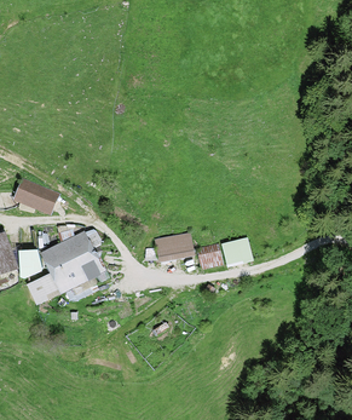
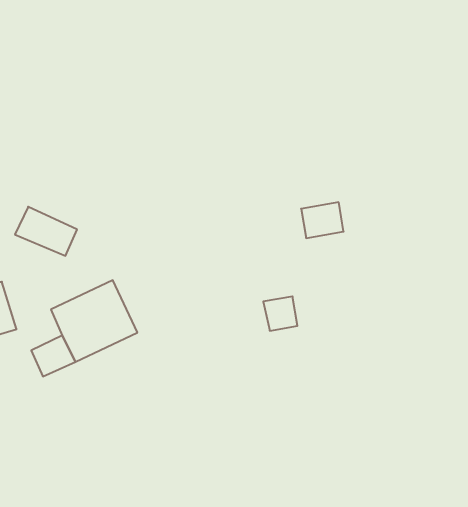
building: [157,232,192,258] -> none
building: [219,238,250,265] -> [301,202,344,238]
building: [18,248,37,275] -> none

